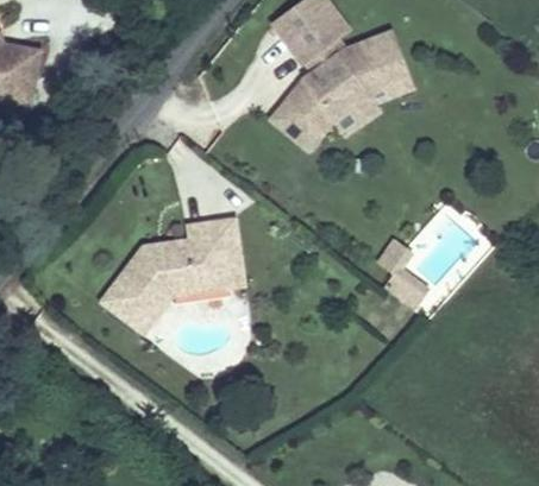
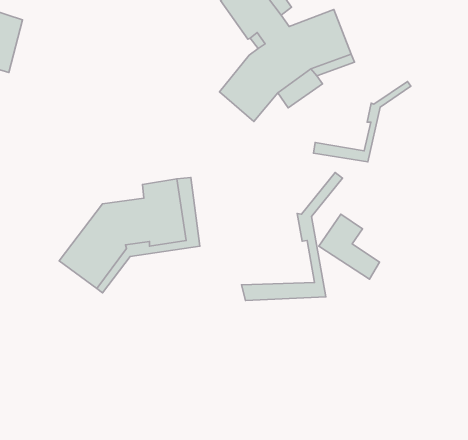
building: none -> [313,82,411,162]
building: none -> [242,173,343,301]

